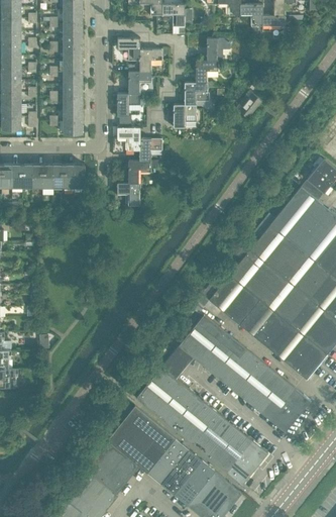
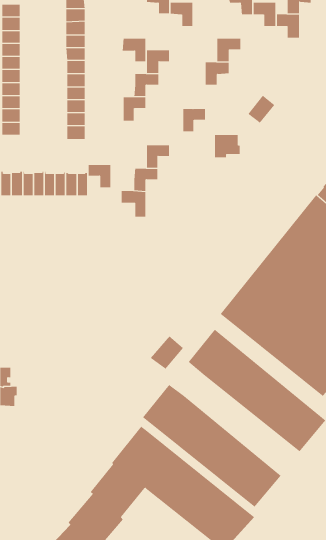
building: [184,83,209,105] -> [214,134,241,158]
building: [117,128,139,150] -> [88,164,111,188]
building: [160,345,193,378] -> [150,335,184,369]

